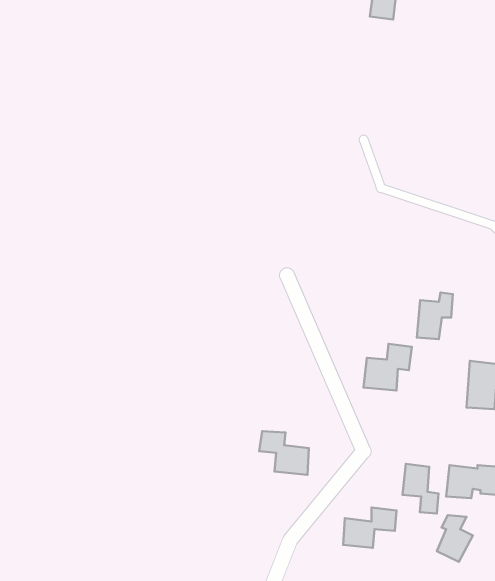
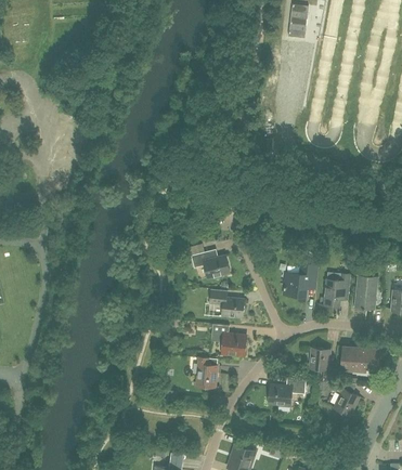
building: [417,292,453,339] -> [323,273,348,305]
building: none -> [191,251,229,277]
building: none -> [208,288,244,316]
building: none -> [196,357,217,387]

